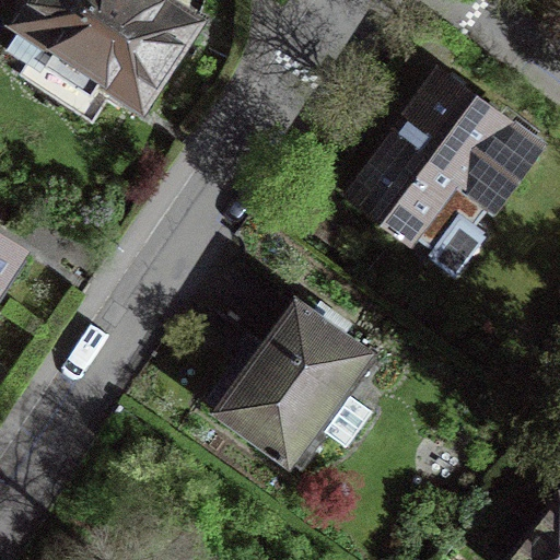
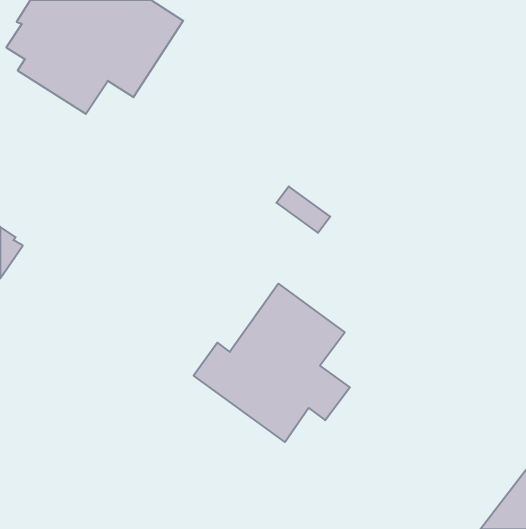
building: [355,74,539,248] -> none

